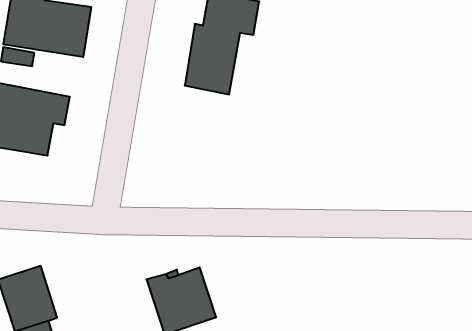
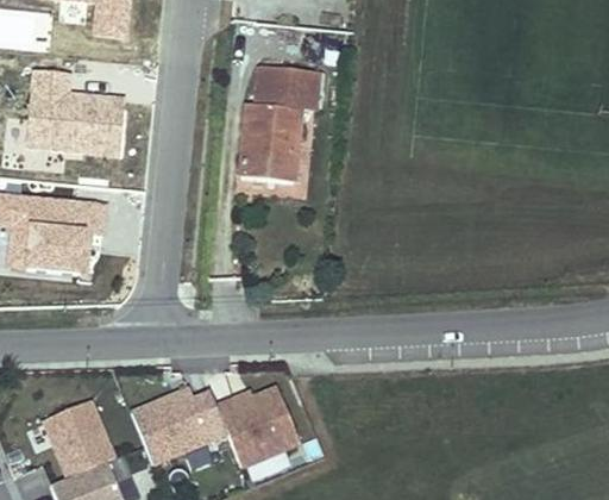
building: none -> [130,388,226,464]

